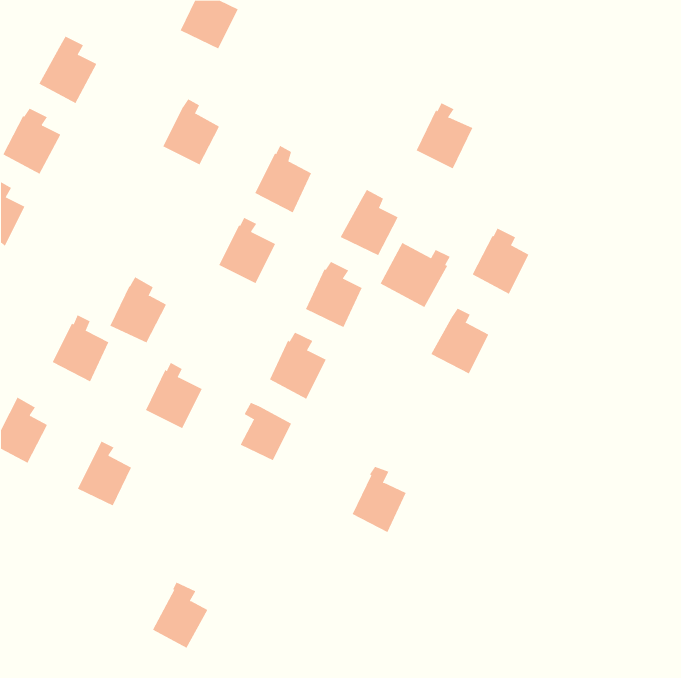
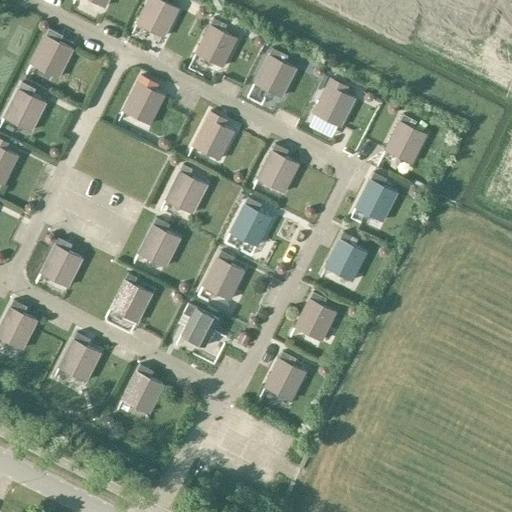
building: none -> [194,18,237,68]
building: none -> [253,48,296,99]
building: none -> [383,115,427,165]
building: [380,242,450,308] -> none
building: [109,277,167,343] -> [137,218,180,268]
building: none -> [293,291,337,342]
building: [152,582,208,648] -> [121,365,163,415]

